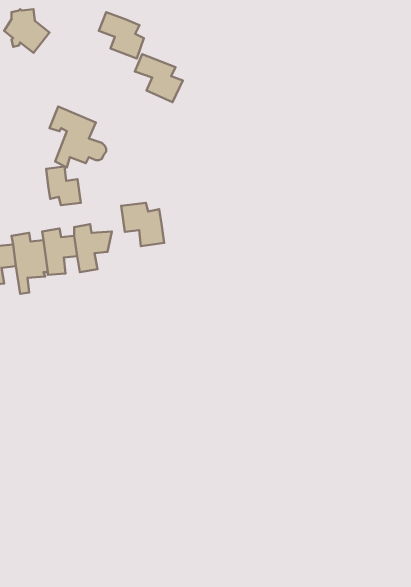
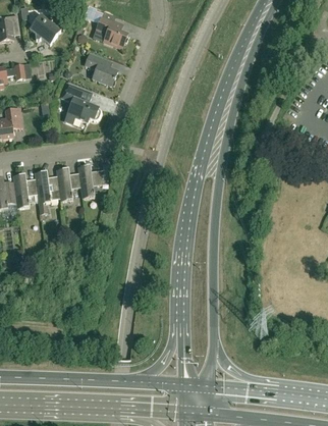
building: [135,54,183,102] -> [85,52,118,86]
building: [46,166,81,205] -> none
building: [121,203,164,246] -> none

